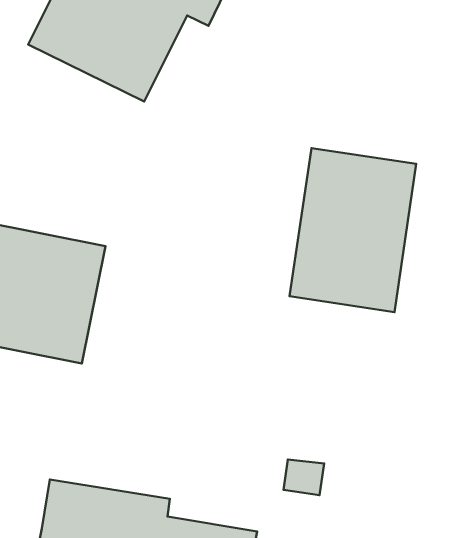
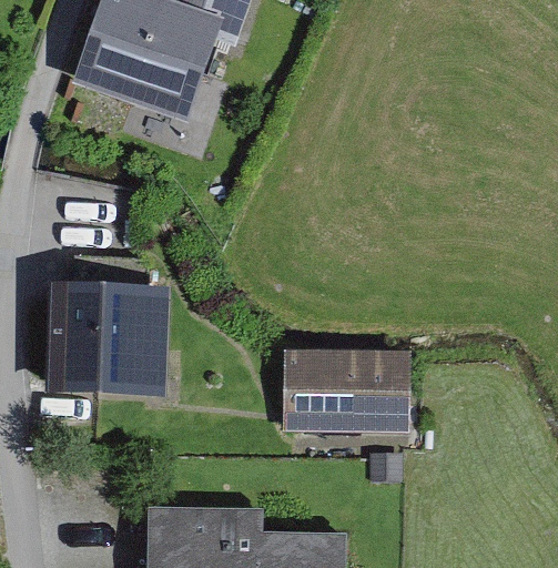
building: [290,148,416,312] -> none
building: none -> [280,346,408,433]

